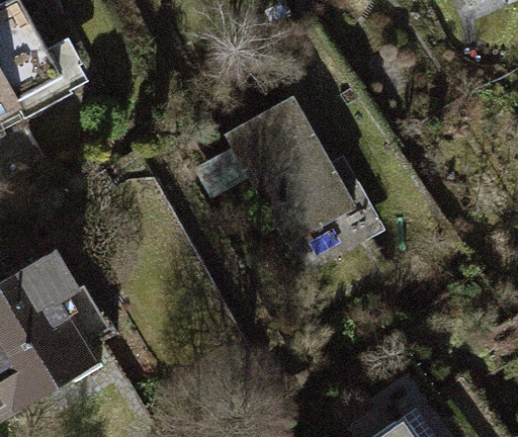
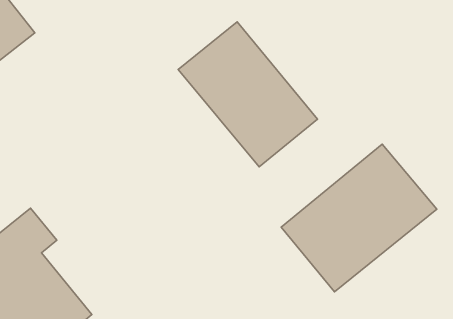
building: none -> [281,144,437,292]

